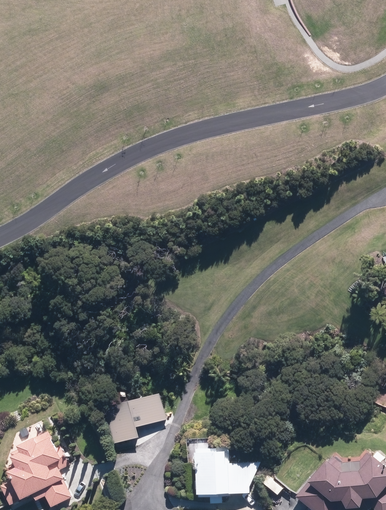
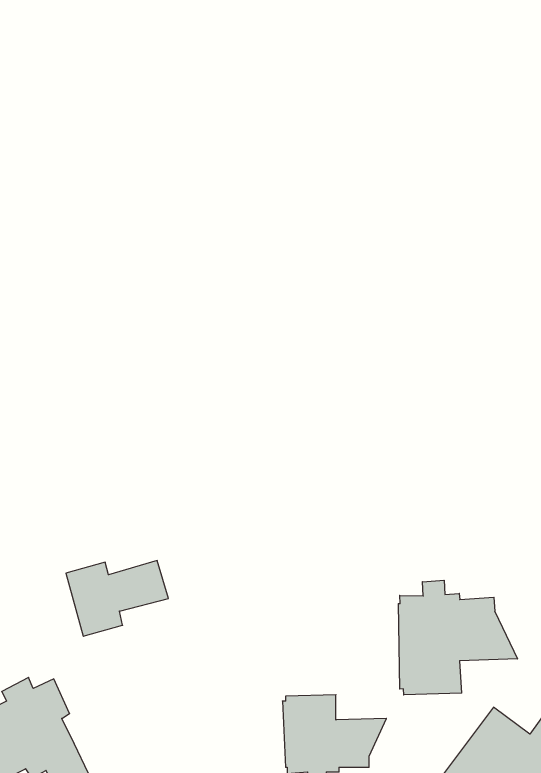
building: none -> [398,580,517,695]
building: [102,395,167,443] -> [66,561,168,636]

